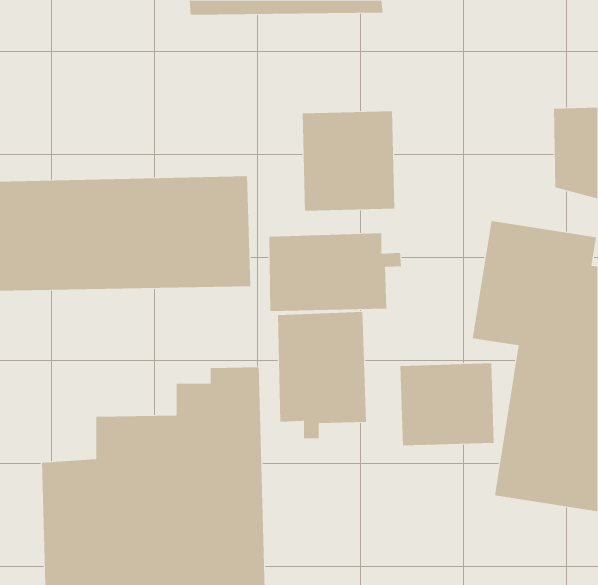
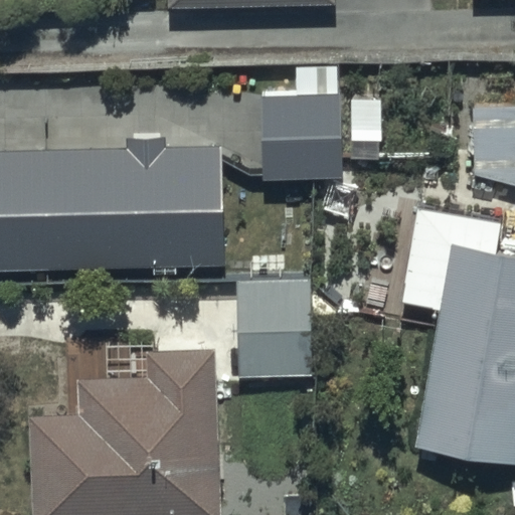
building: [269,232,402,312] -> none
building: [400,363,494,446] -> none

